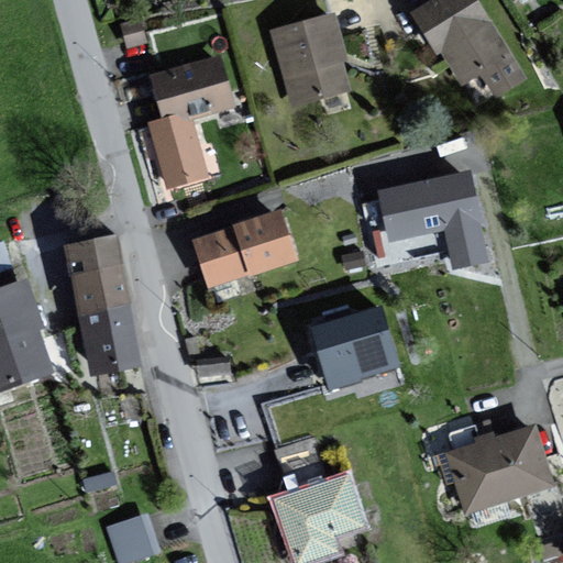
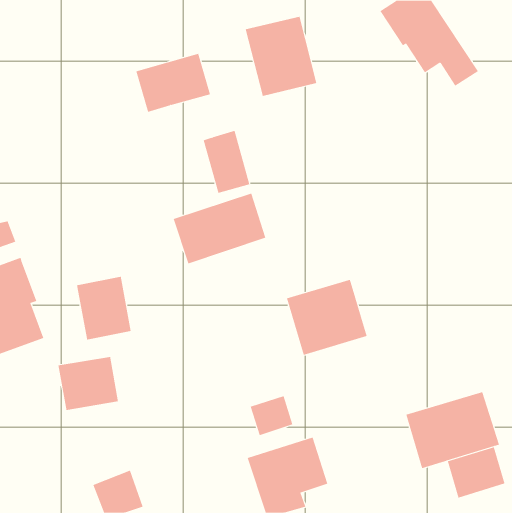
building: [152,115,203,185] -> [203,130,250,193]
building: [384,173,489,266] -> none
building: [70,236,133,312] -> none
building: none -> [58,356,119,411]
building: none -> [447,446,505,498]

